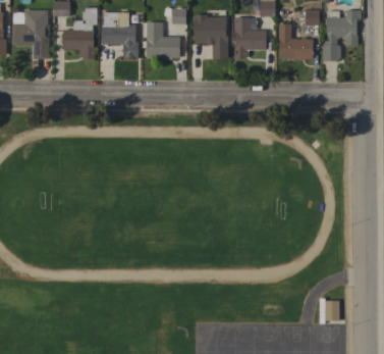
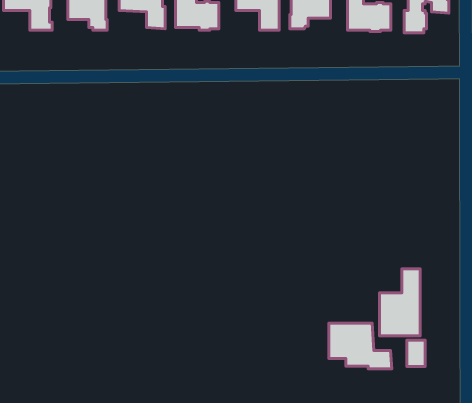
building: none -> [379,269,420,336]
building: none -> [329,323,392,369]

